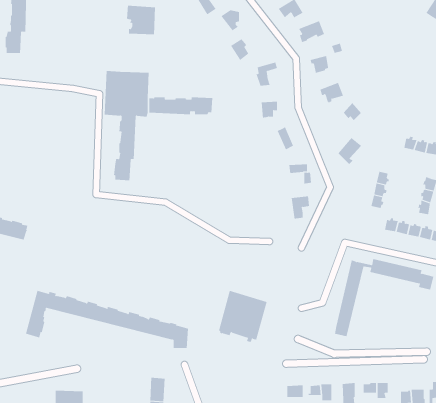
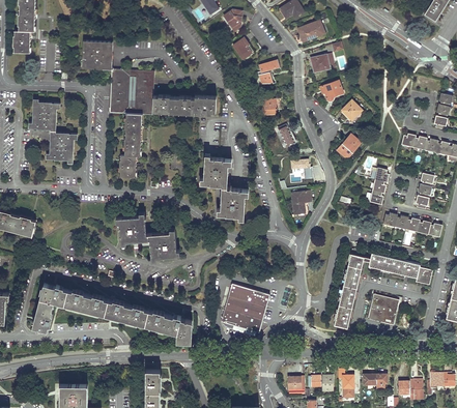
building: [126,5,156,35] -> [82,41,111,70]
building: none -> [28,100,77,165]
building: none -> [197,148,246,212]
building: none -> [115,214,179,261]
building: none -> [369,299,397,325]

